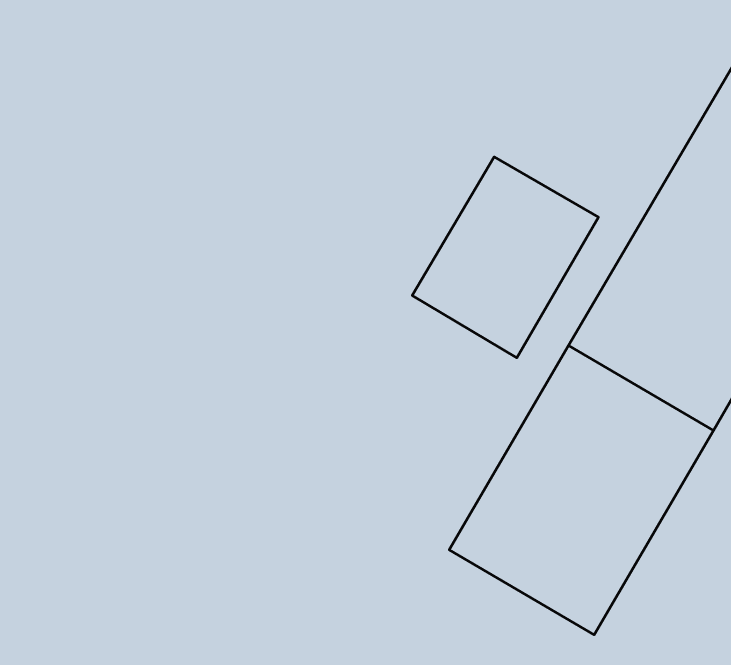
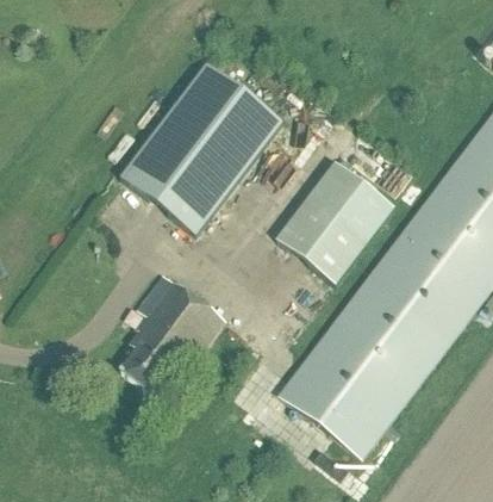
building: none -> [120,62,282,234]
building: none -> [121,274,226,395]

